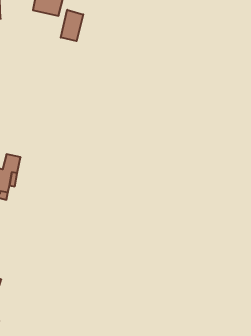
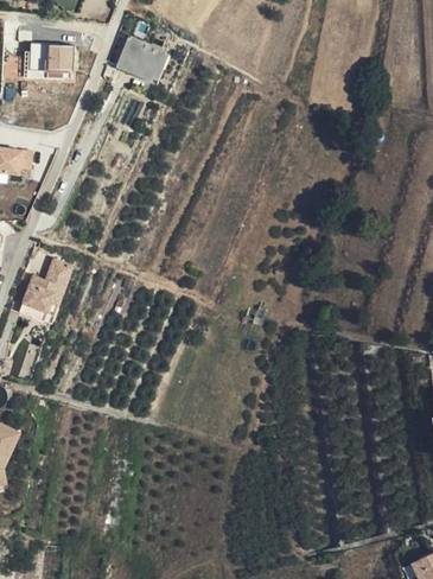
building: [61,10,83,41] -> none

